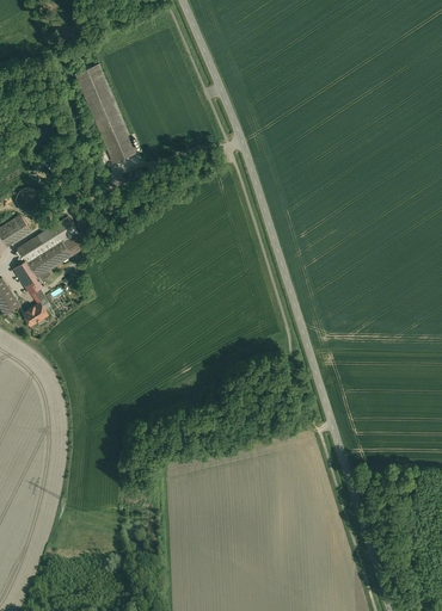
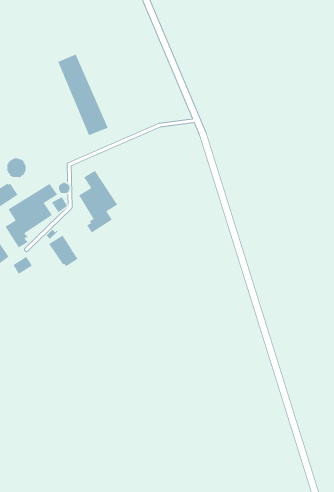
building: none -> [78,170,118,233]
building: none -> [48,235,79,267]

